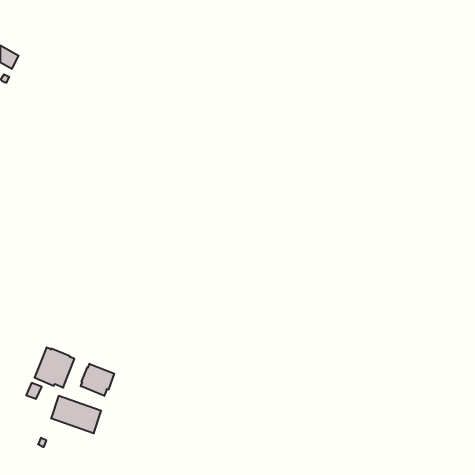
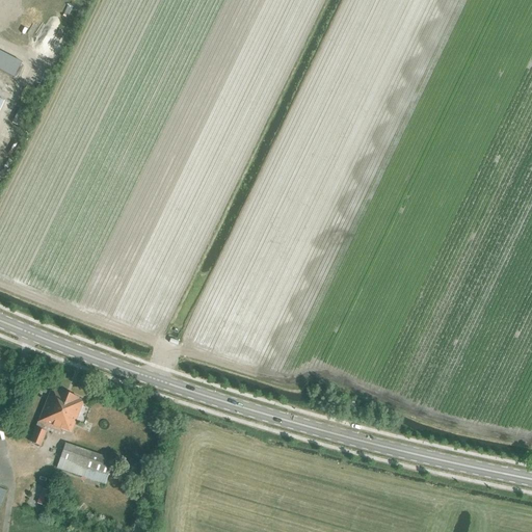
building: [81,364,114,396] -> none

